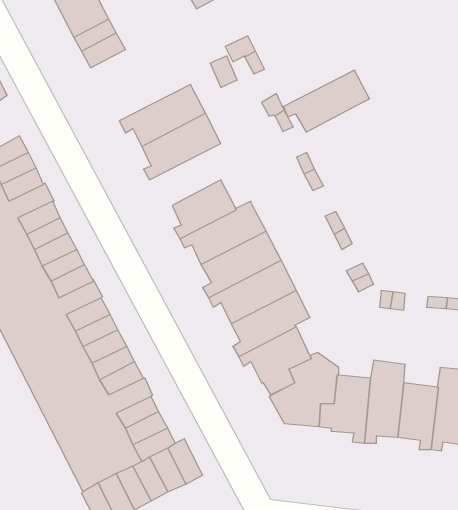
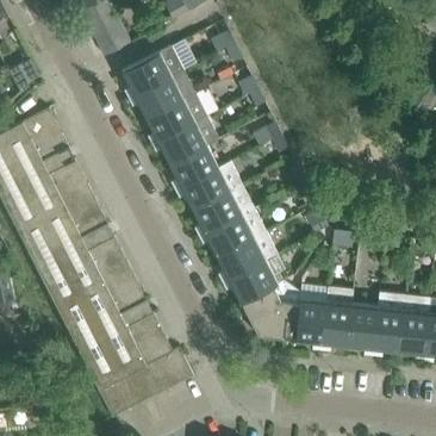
building: none -> [122,45,183,98]
building: [283,70,370,132] -> [151,116,219,164]

